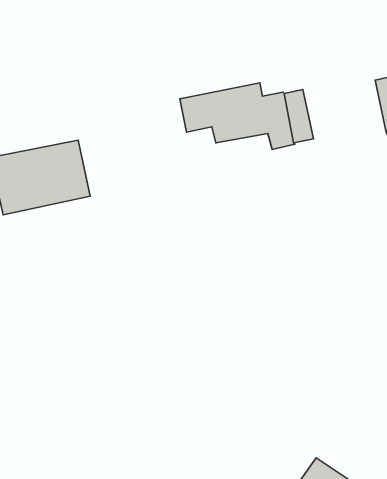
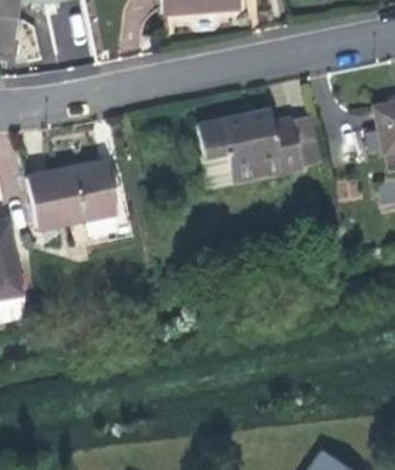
building: none -> [204,150,281,184]

